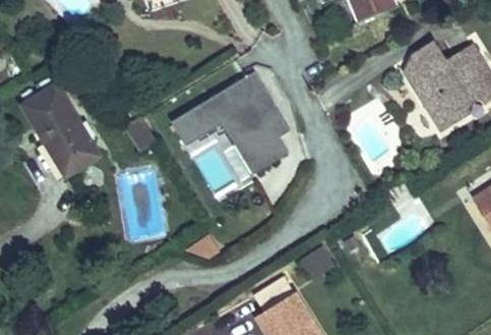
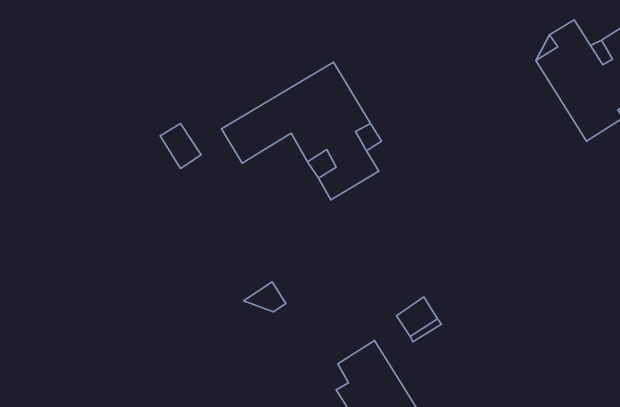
building: [21,83,99,175] -> none

